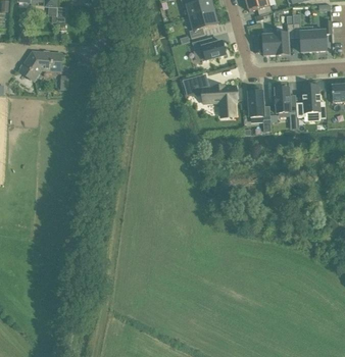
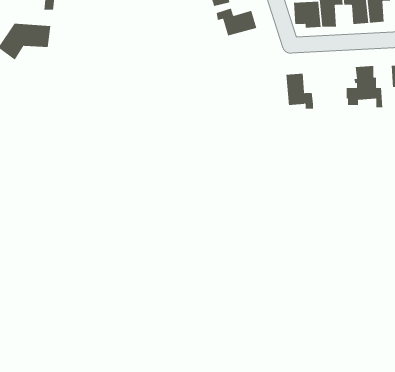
building: [184,73,237,115] -> none
building: [275,87,296,112] -> none

